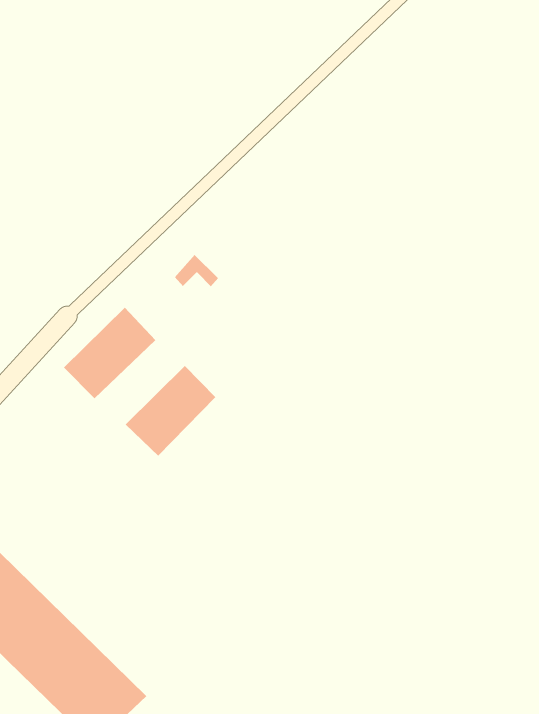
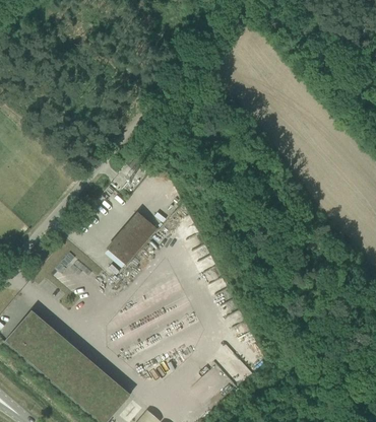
building: [63,307,156,399] -> none

